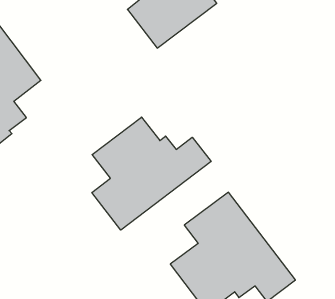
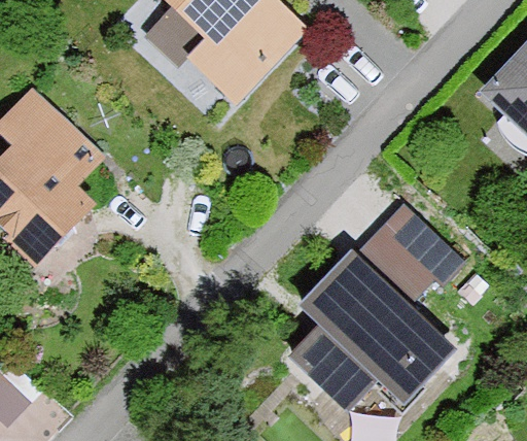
building: [92,117,211,230] -> none
building: none -> [360,205,463,290]

